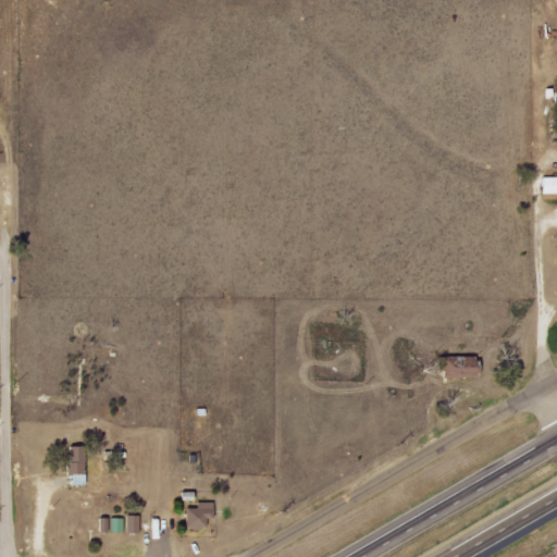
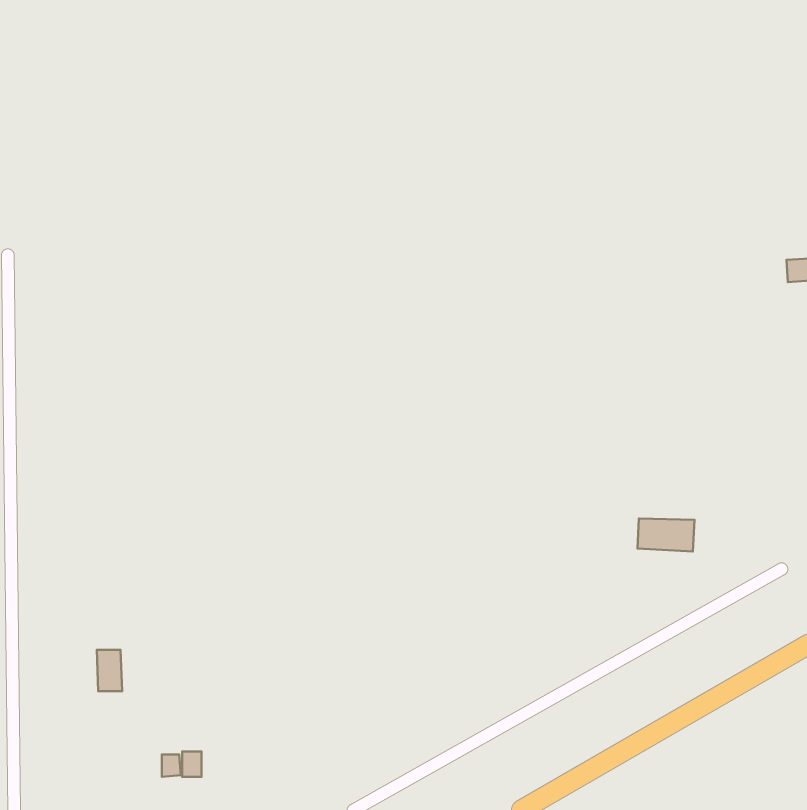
building: [186,502,214,528] -> none

